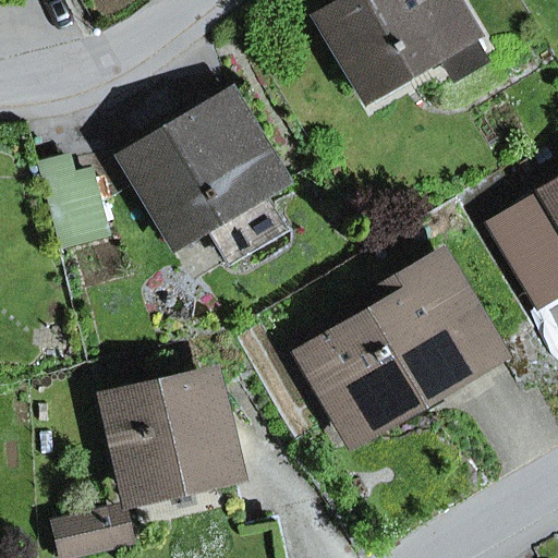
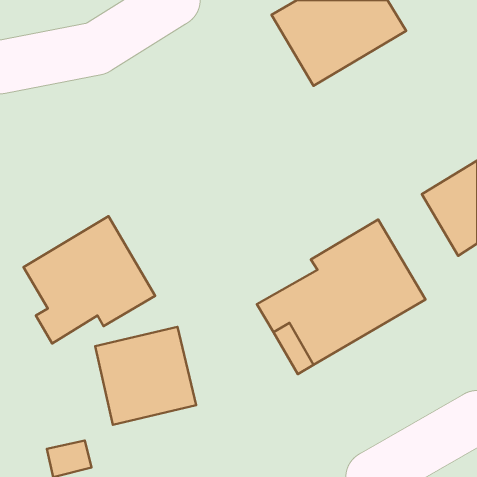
building: [120,93,283,259] -> none
building: none -> [23,216,155,344]

